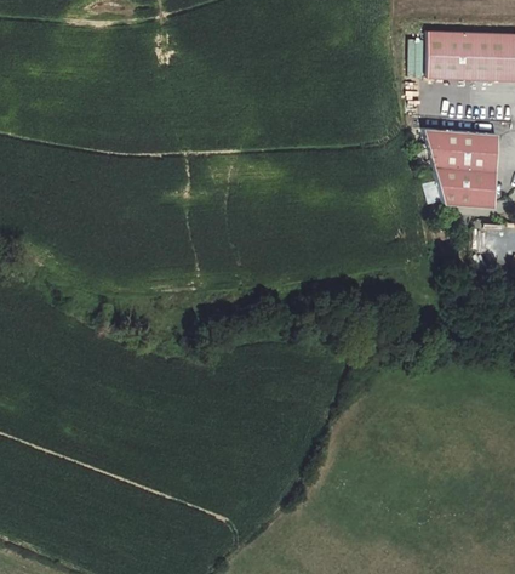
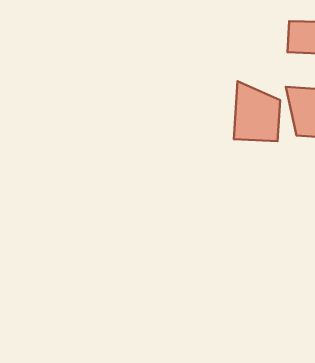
building: none -> [234,81,280,141]

